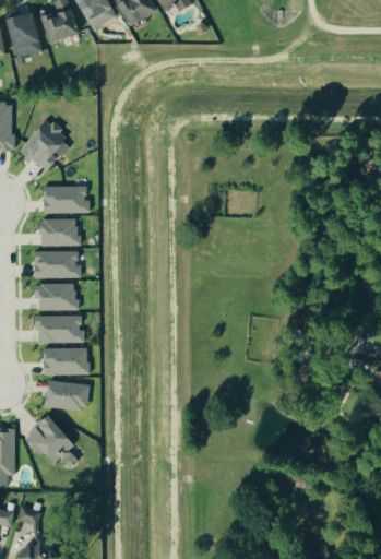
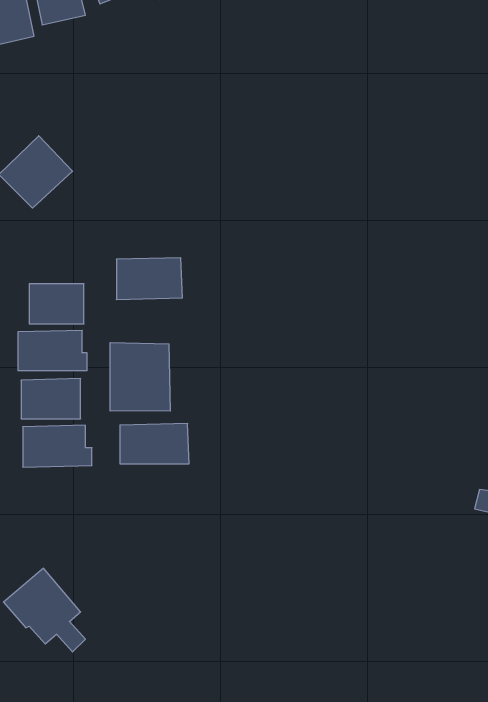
building: [43,185,87,213] -> [116,258,182,300]
building: none -> [110,343,170,411]
building: [41,347,88,374] -> [120,424,189,464]
building: [45,380,90,408] -> none

